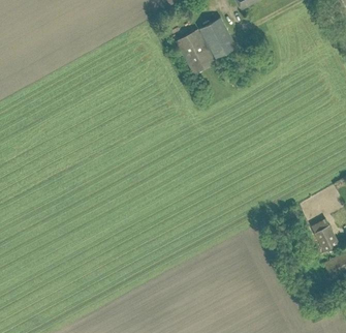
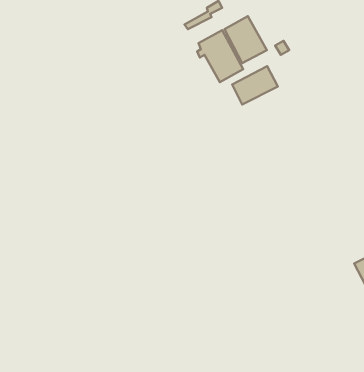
building: none -> [232,66,278,104]

